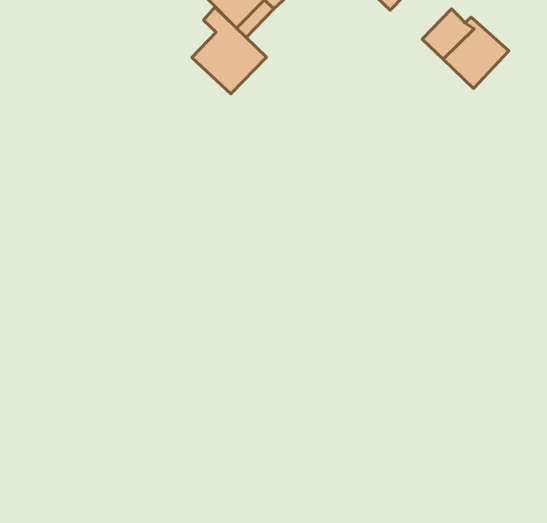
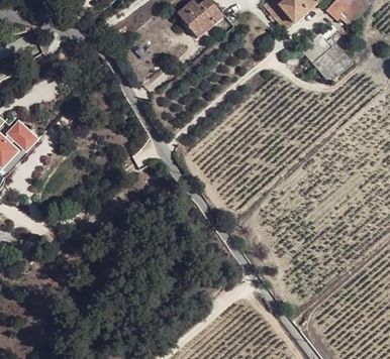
building: [192,7,267,94] -> none

